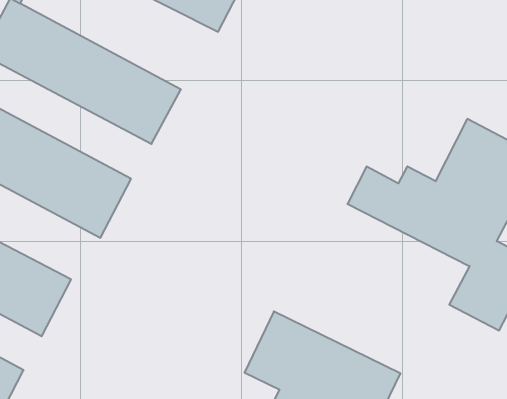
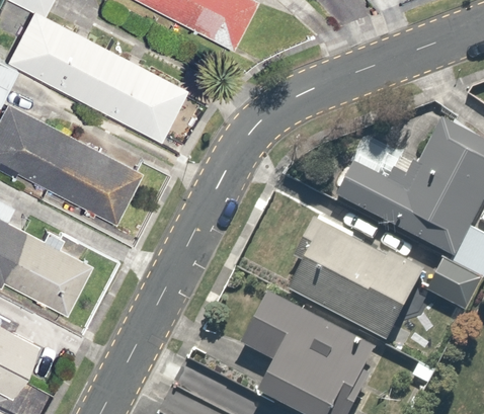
building: none -> [291,211,422,340]

